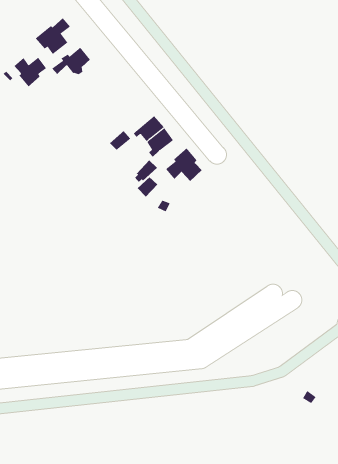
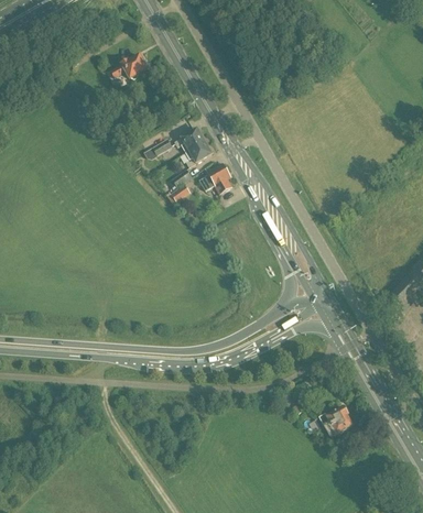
building: [35,18,71,55] -> none
building: [13,57,47,87] -> none

